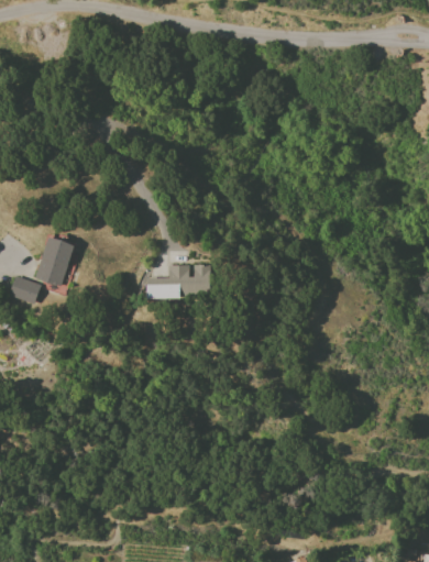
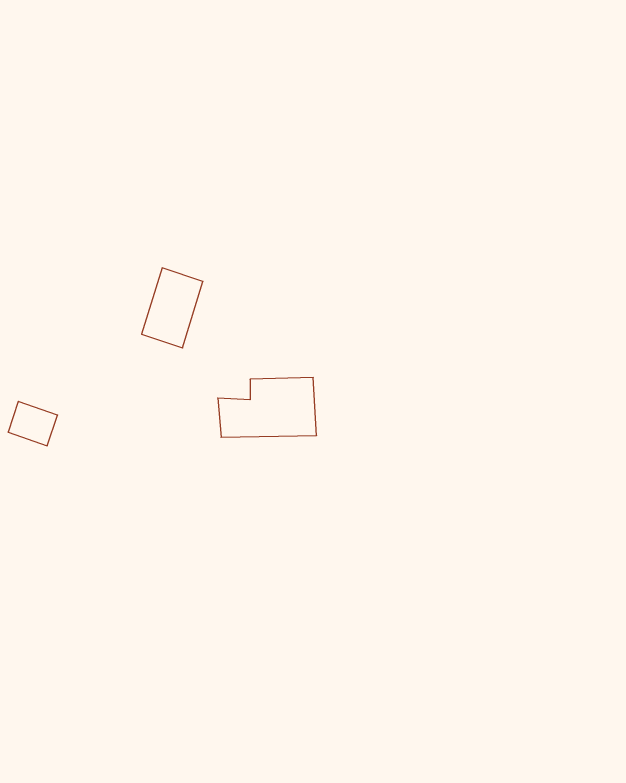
building: [35,236,75,288] -> [142,268,203,348]

